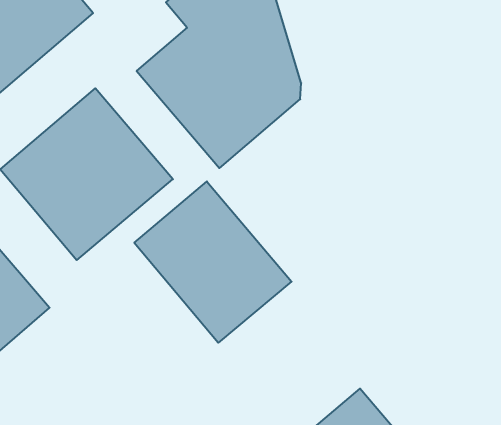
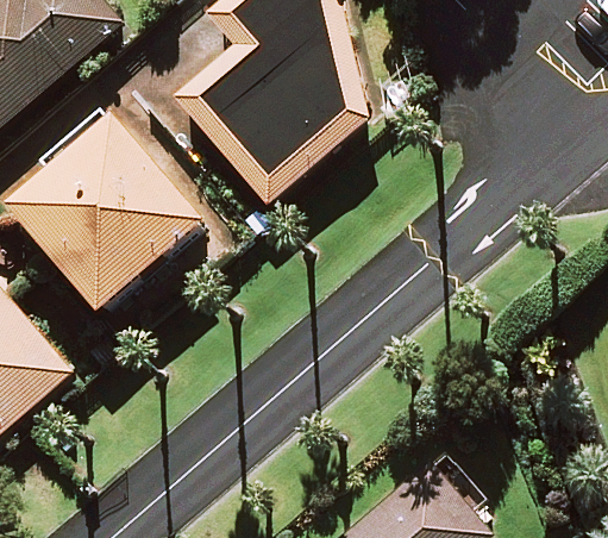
building: [134,181,292,343] -> none

